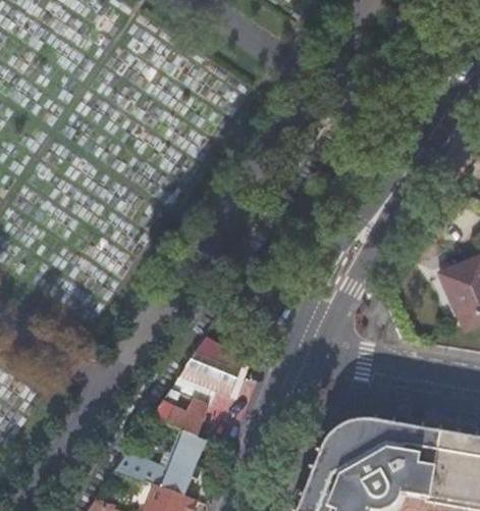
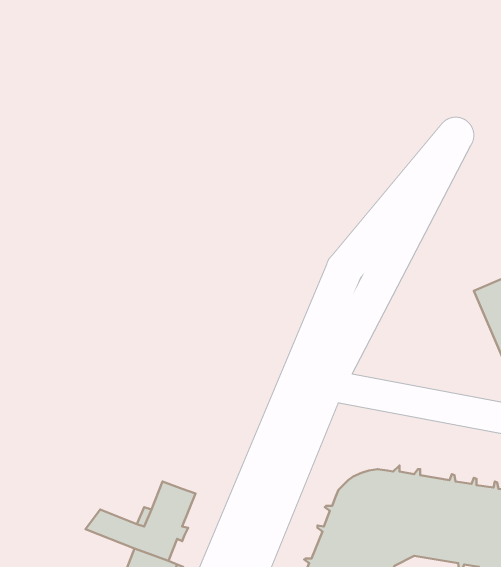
building: [152,338,246,438] -> none

